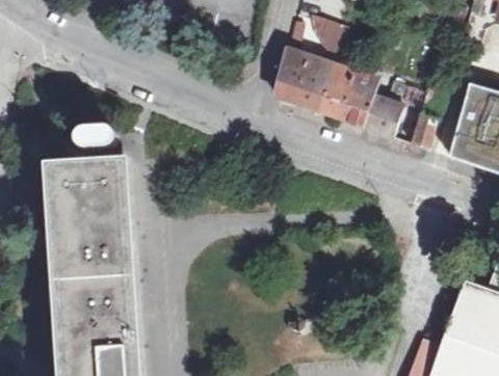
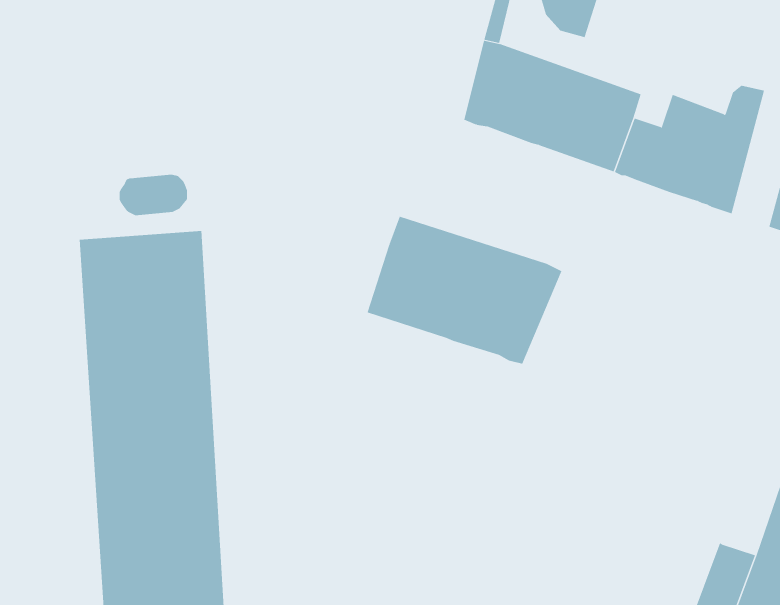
building: none -> [367,216,562,365]

